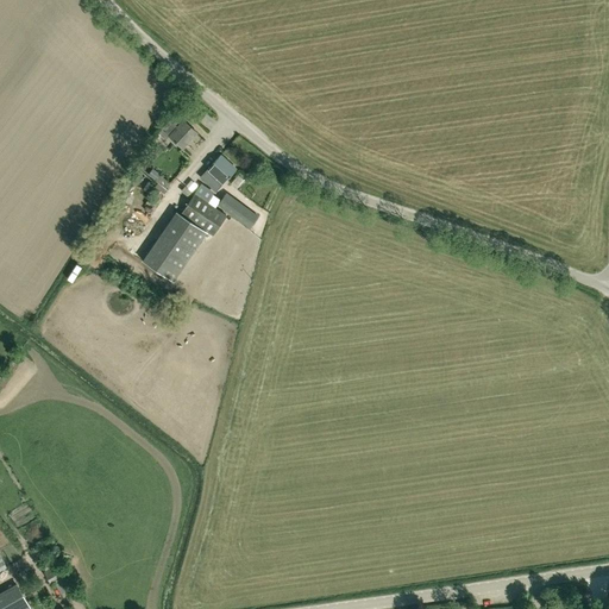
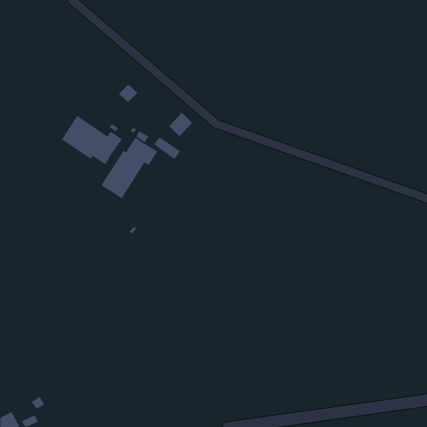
building: [200,155,234,190] -> [169,112,193,137]
building: none -> [61,115,122,165]

